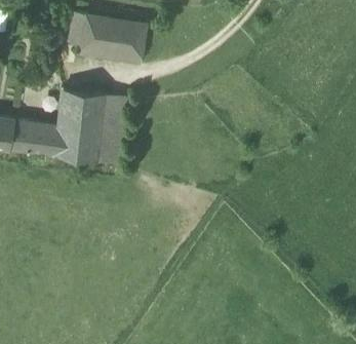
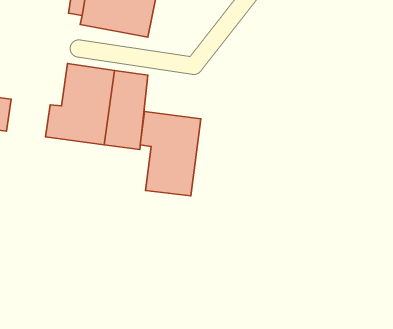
building: [8,119,47,153] -> none
building: none -> [140,112,201,196]

